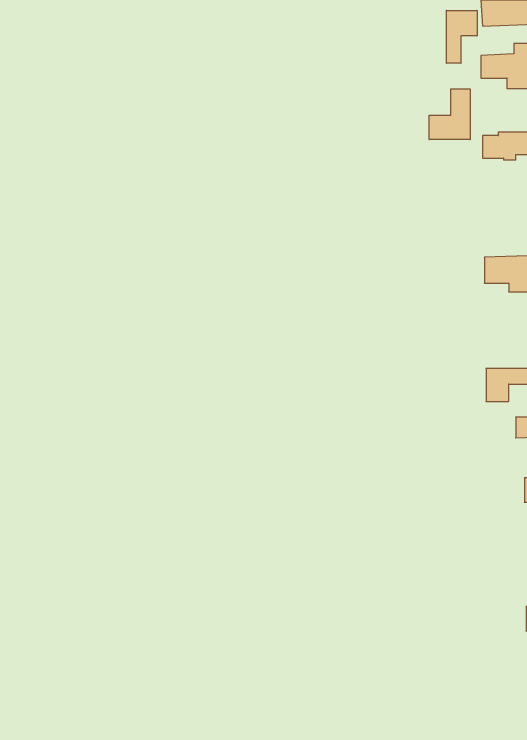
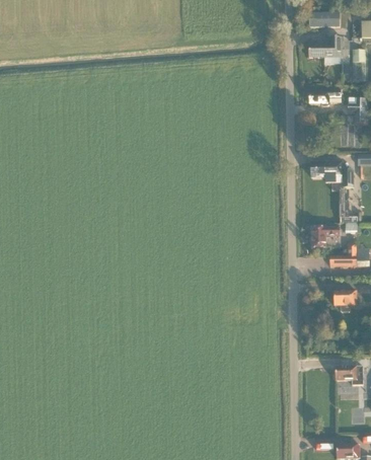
building: [446,10,477,63] -> none
building: [429,89,470,140] -> none

